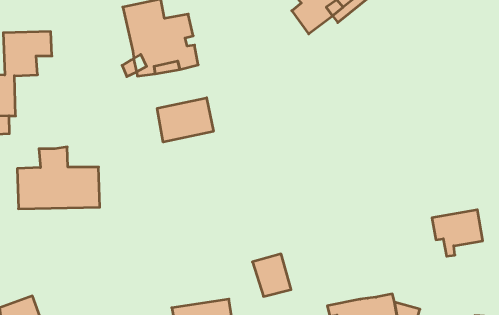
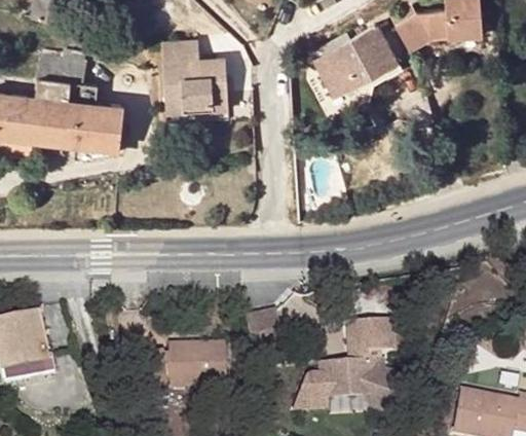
building: [157,98,213,142] -> none
building: [17,147,100,209] -> [41,80,124,145]
building: [432,210,483,256] -> [349,318,396,359]

